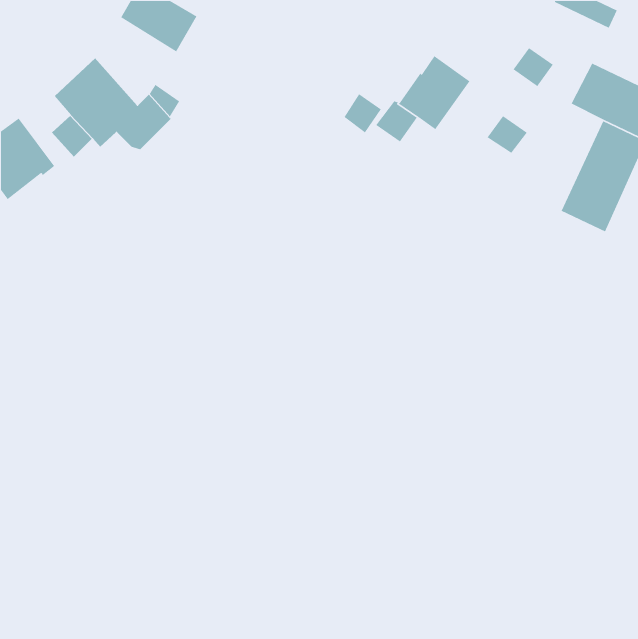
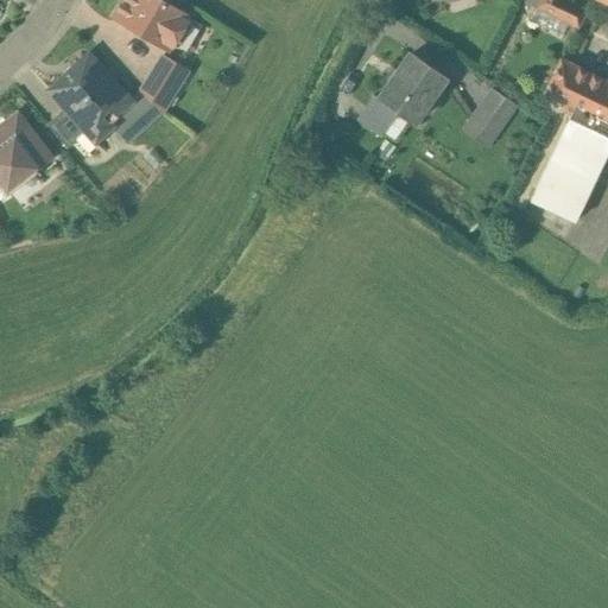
building: [513,47,554,87] -> [479,88,518,126]
building: none -> [148,56,189,96]
building: [343,93,382,134] -> none

